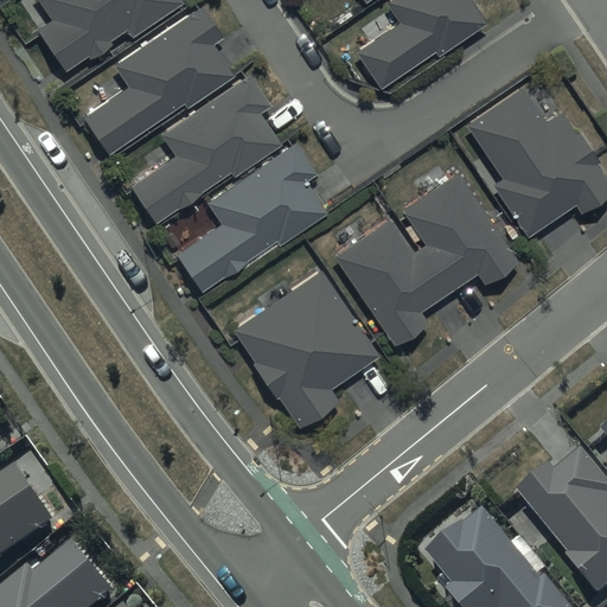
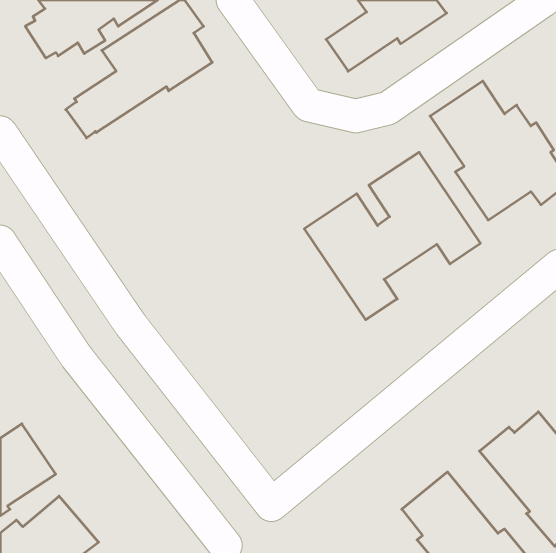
building: [122,74,282,225] -> none
building: [183,156,320,290] -> none
building: [234,268,379,432] -> none

